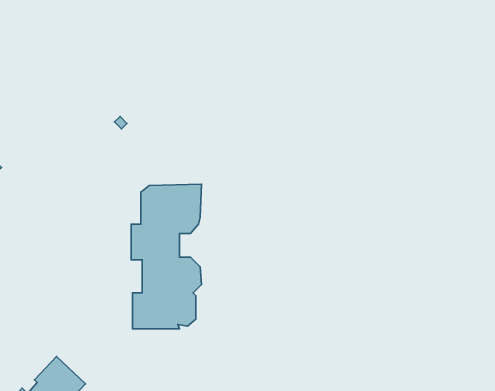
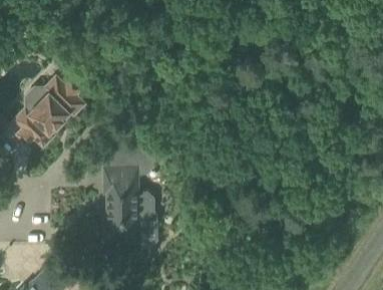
building: none -> [13,74,84,148]

